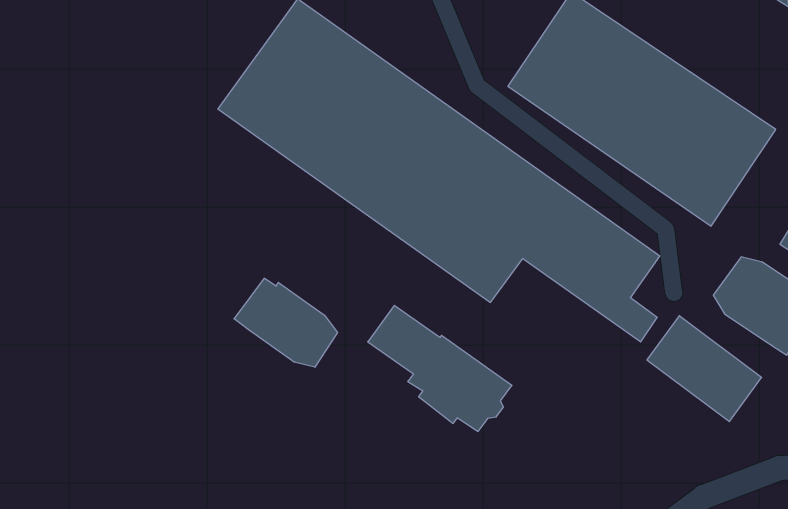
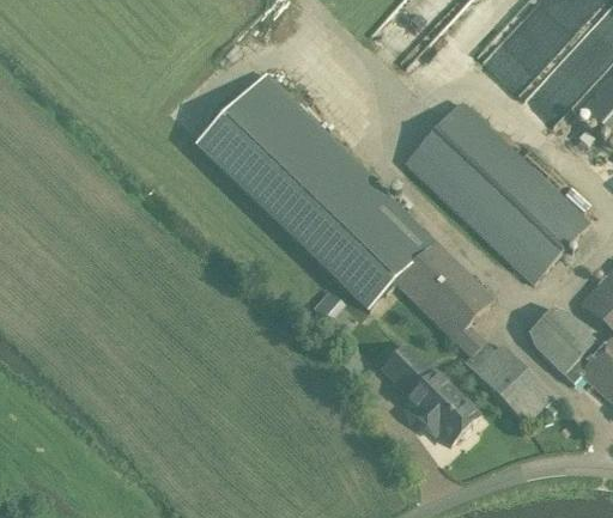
building: [234,278,337,367] -> none
building: [368,305,512,431] -> [381,345,478,443]

